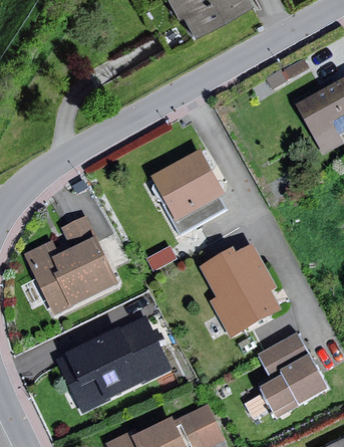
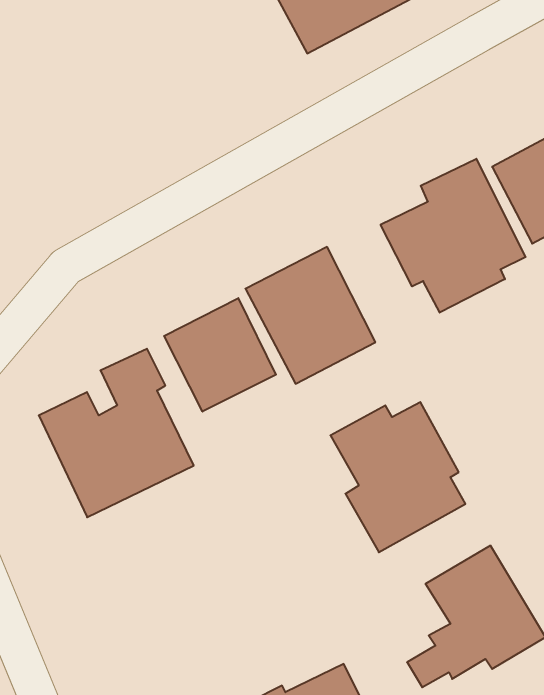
building: none -> [381,159,526,313]
building: none -> [164,298,276,412]
building: [57,318,173,414] -> none

